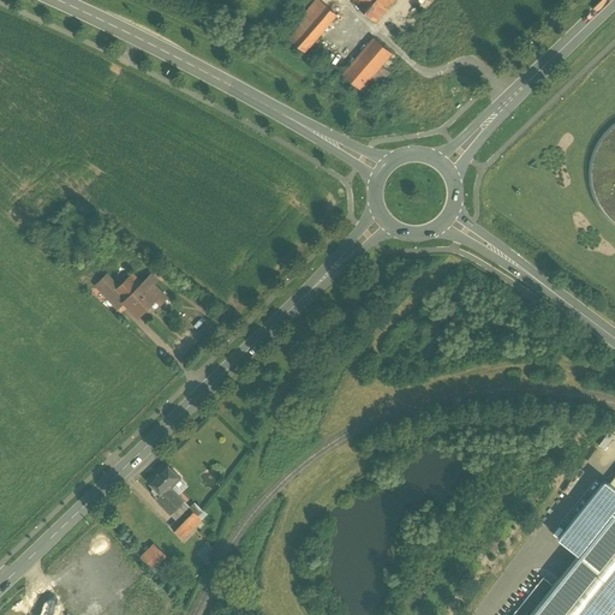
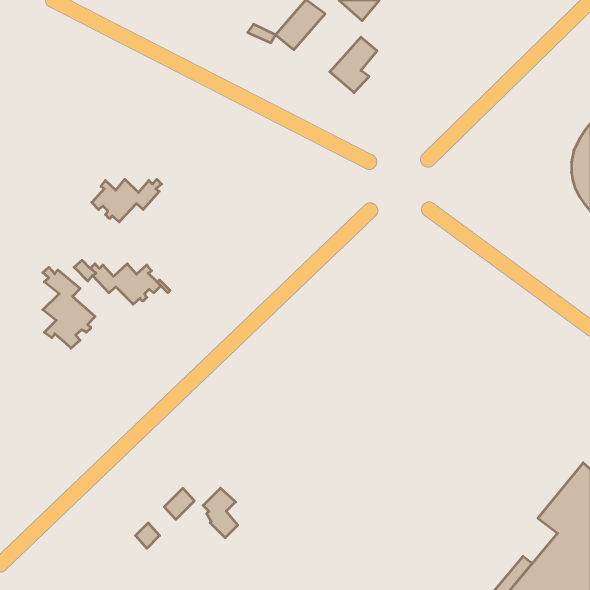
building: none -> [92,179,162,222]
building: none -> [43,267,95,348]
building: [149,465,185,517] -> [203,488,238,538]

